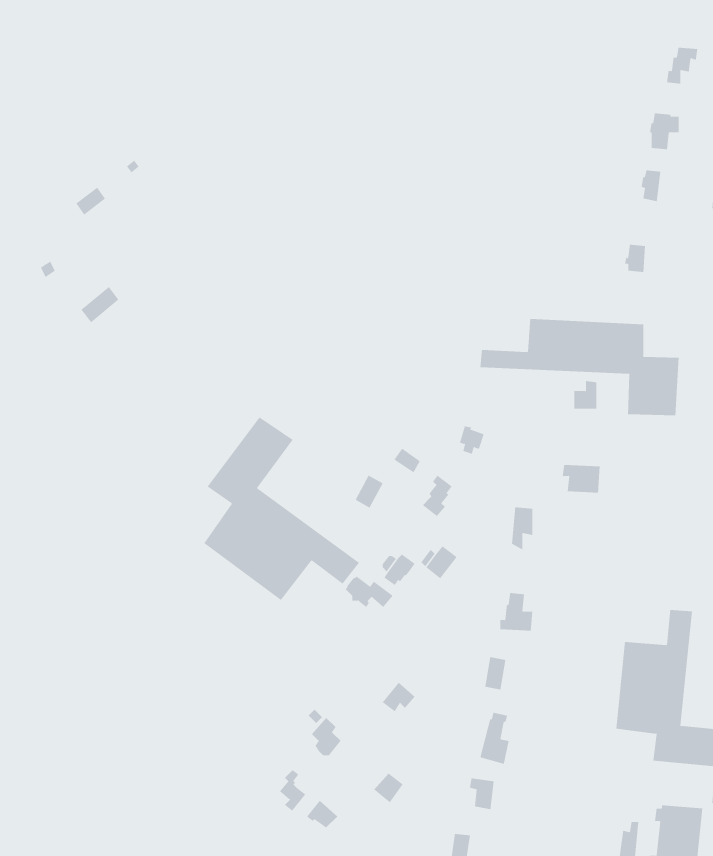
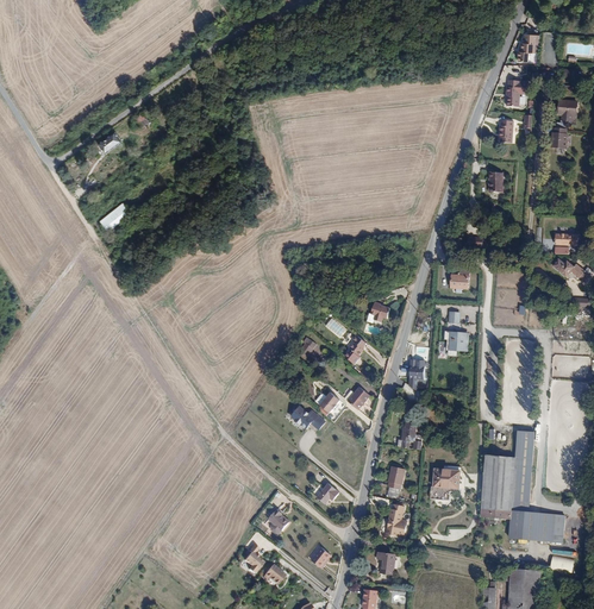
building: [480,318,679,416] -> none
building: [203,417,360,601] -> none
building: none -> [430,464,457,498]

